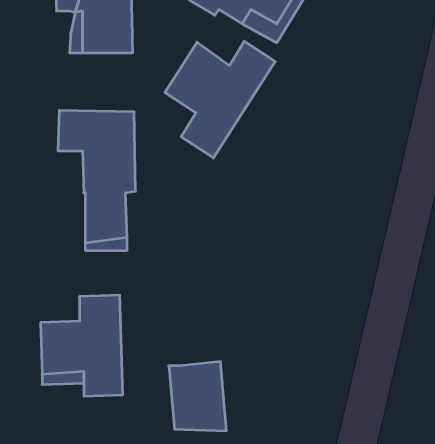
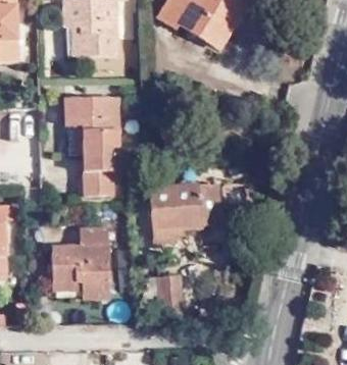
building: [165,41,275,158] -> none
building: none -> [150,182,224,249]

